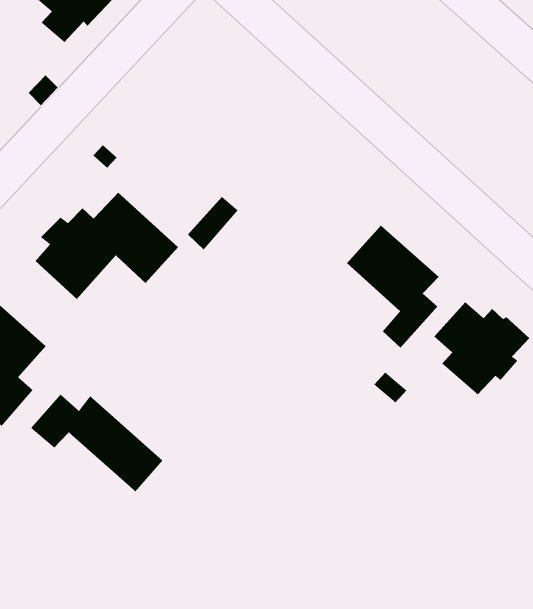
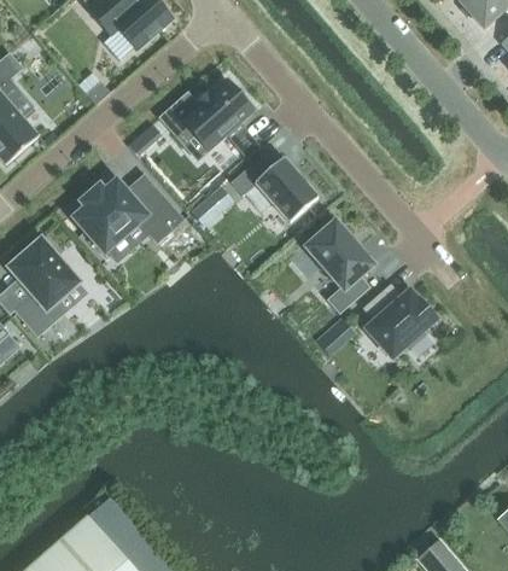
building: none -> [160,80,259,156]
building: none -> [230,153,319,222]
building: [30,394,163,492] -> none

